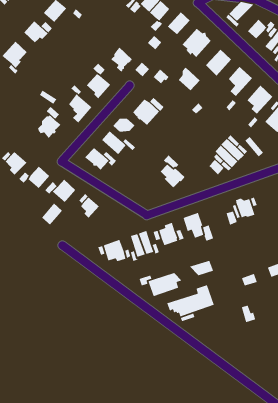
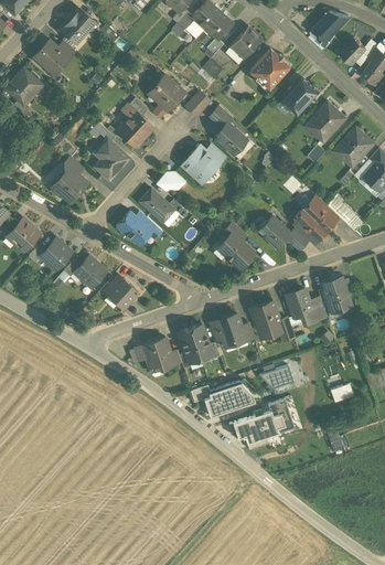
building: [178,67,200,91] -> [216,121,247,154]
building: none -> [258,216,290,248]
building: [41,203,63,226] -> none
building: none -> [286,289,314,322]

